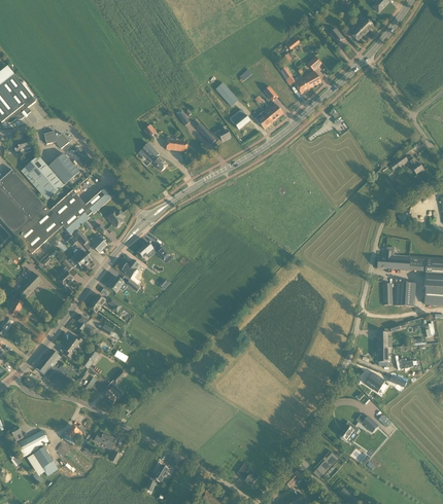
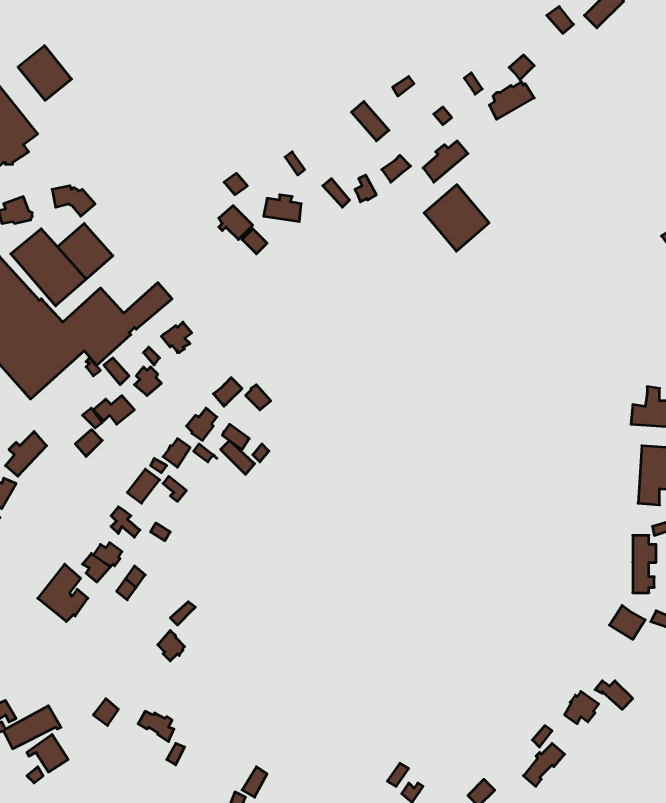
building: none -> [18,46,72,100]
building: none -> [424,185,489,251]

